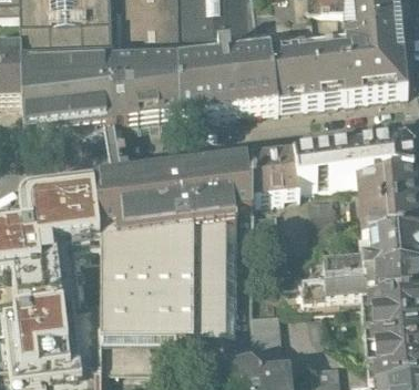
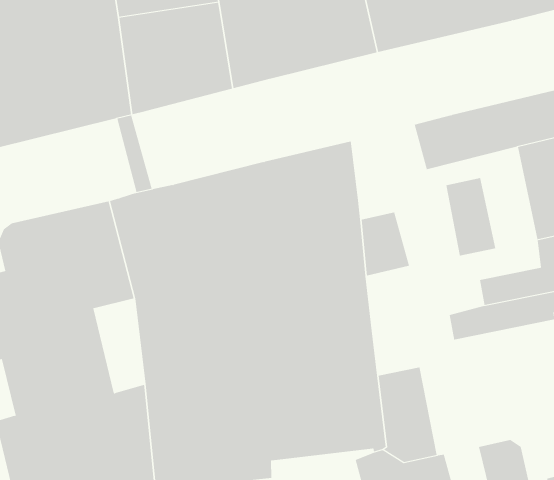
building: [252,151,298,195] -> none

